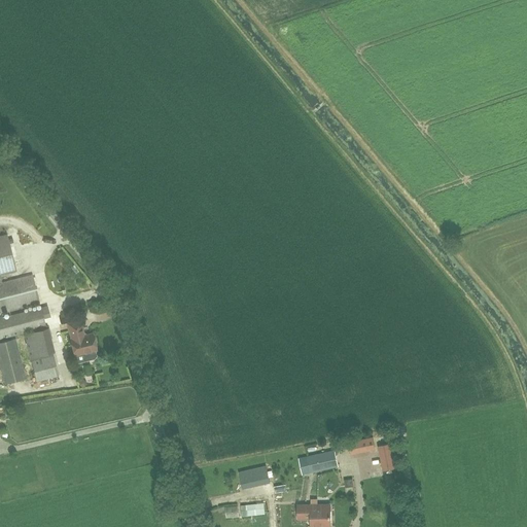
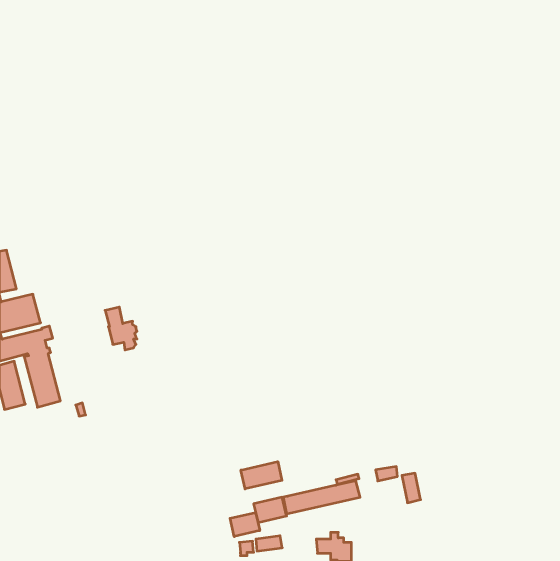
building: [66,321,96,361] -> [105,307,137,350]
building: none -> [241,462,282,489]
building: none -> [230,512,260,537]

